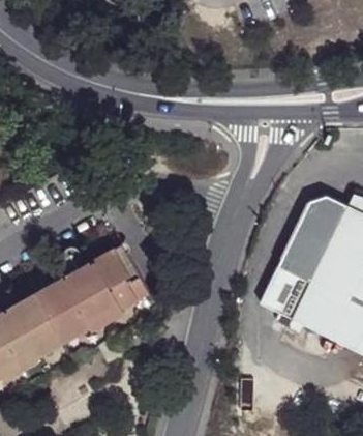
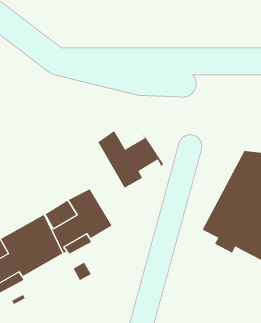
building: none -> [98,119,164,189]

